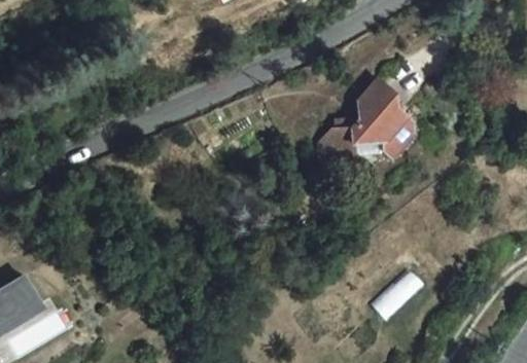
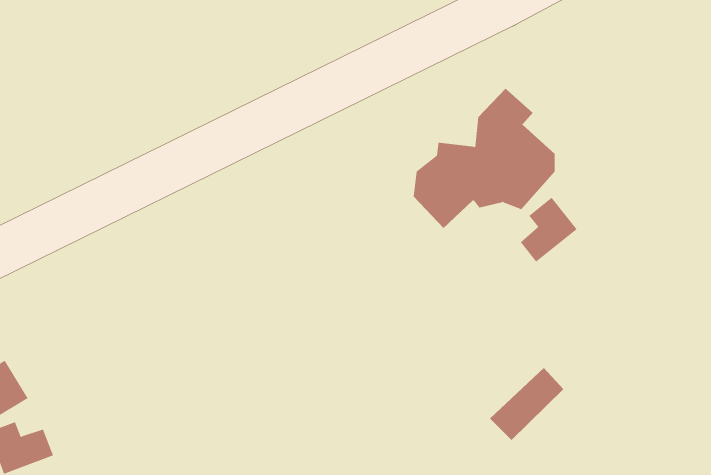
building: none -> [520,197,578,262]

